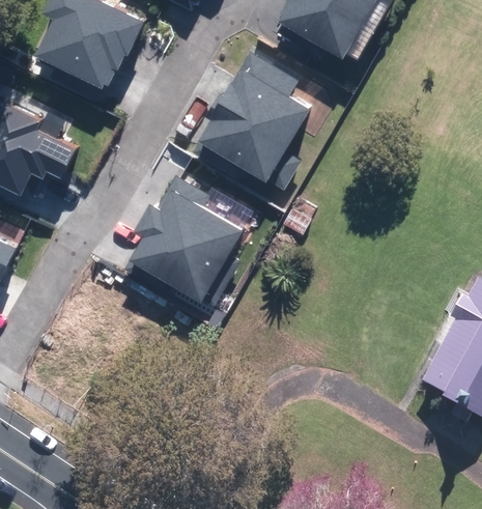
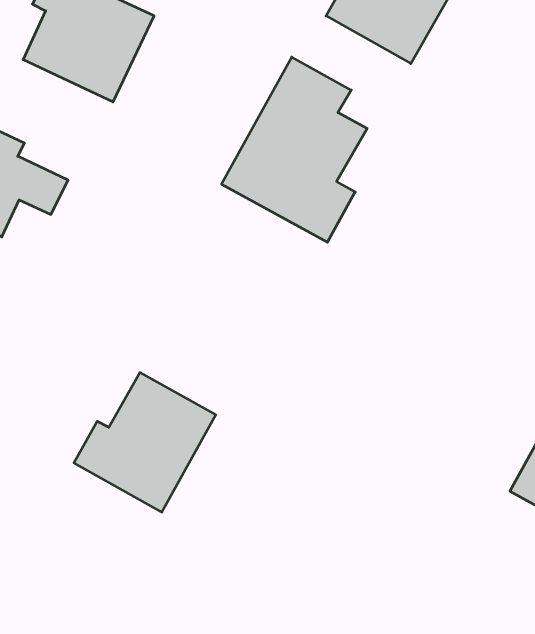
building: [132,177,242,298] -> none
building: none -> [74,373,216,512]

